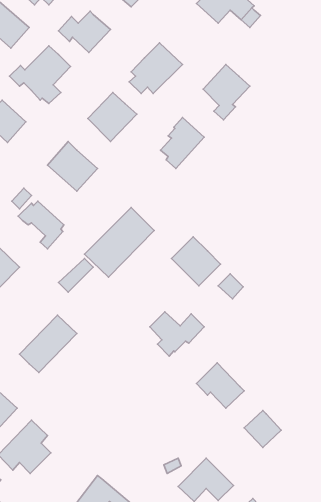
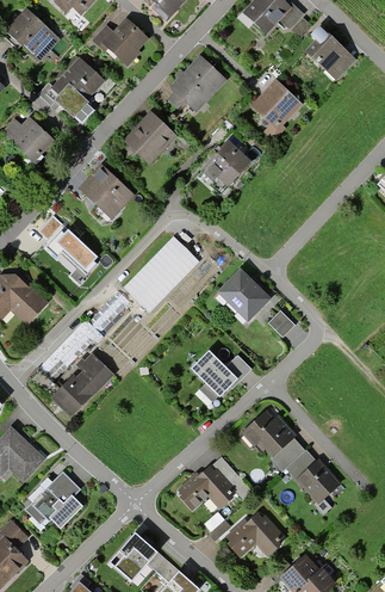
building: none -> [306,24,356,79]
building: none -> [275,438,316,479]
building: none -> [178,463,235,510]

